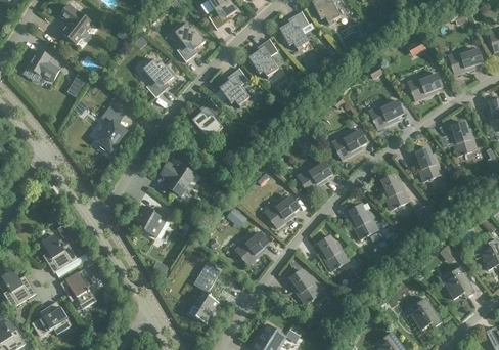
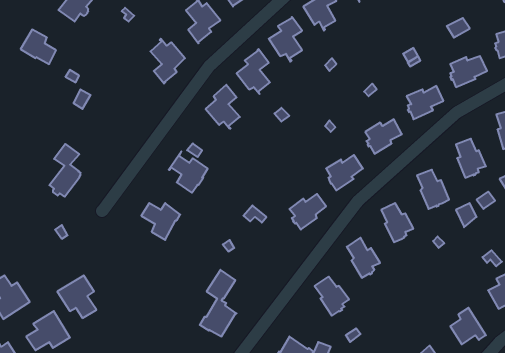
building: [96,103,124,150] -> [49,144,81,197]
building: [236,231,268,264] -> none
building: [42,233,77,272] -> none

